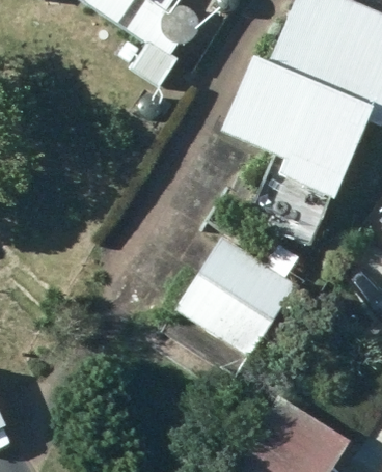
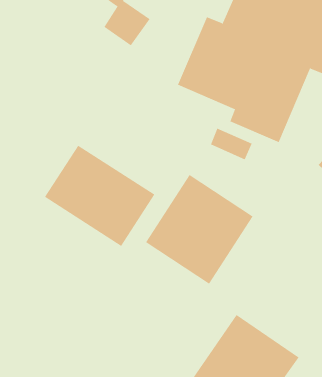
building: none -> [44,145,155,247]

